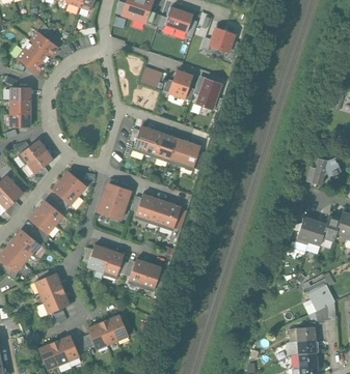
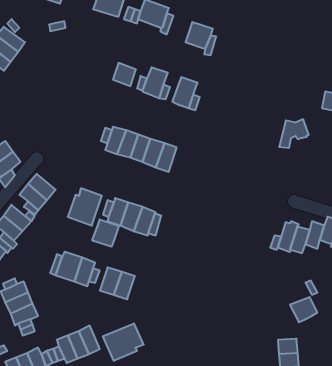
building: [312,157,340,184] -> [279,119,309,148]
building: none -> [92,219,119,247]
building: none -> [103,323,144,361]

